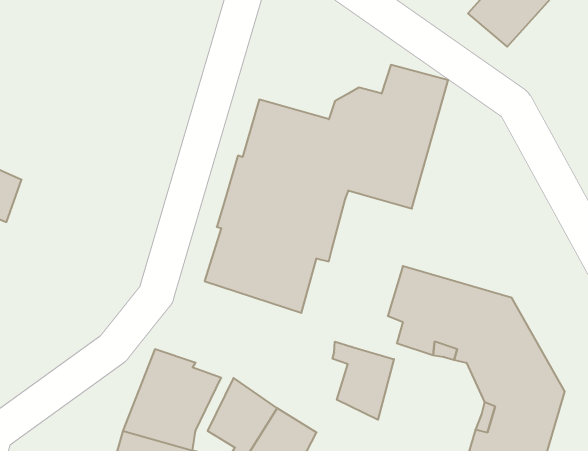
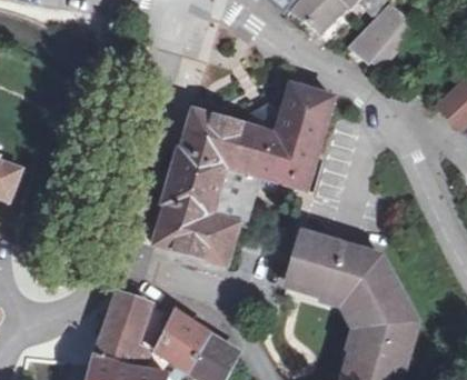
building: [333,342,394,420] -> none

